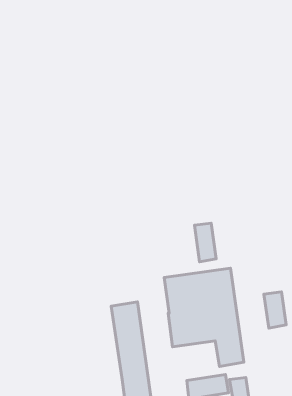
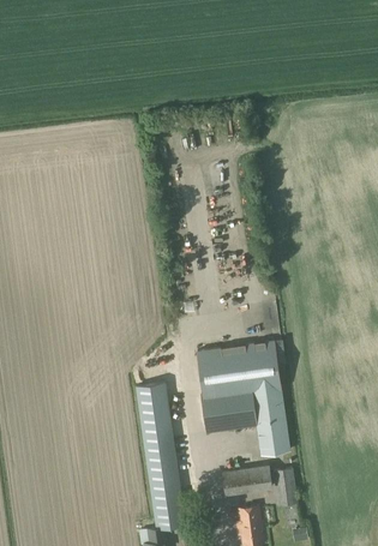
building: [194,223,216,262] -> none
building: [264,292,286,328] -> none

